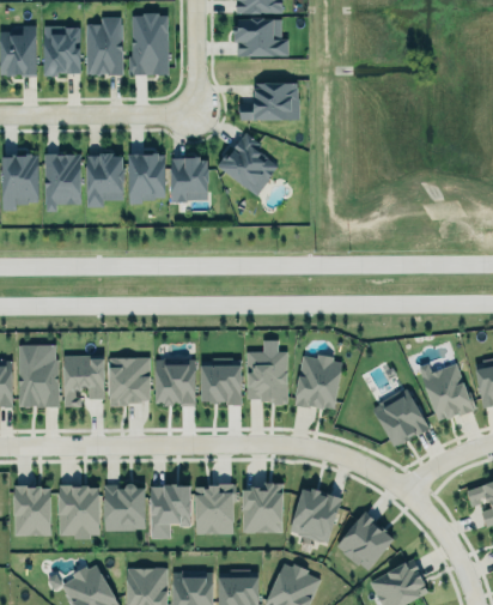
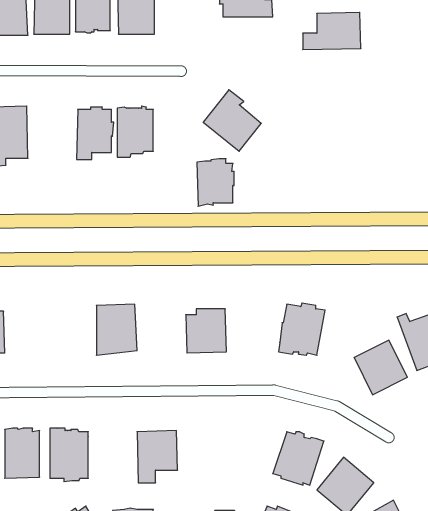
building: [239,83,299,121] -> [303,12,361,50]
building: [44,151,81,211] -> none
building: [171,153,209,202] -> [197,159,234,206]
building: [245,340,287,404] -> none
building: [17,345,57,407] -> none
building: [62,355,104,407] -> none
building: [156,356,196,405] -> none
building: [104,482,146,530] -> none
building: [241,484,282,533] -> none
building: [194,485,235,536] -> none

